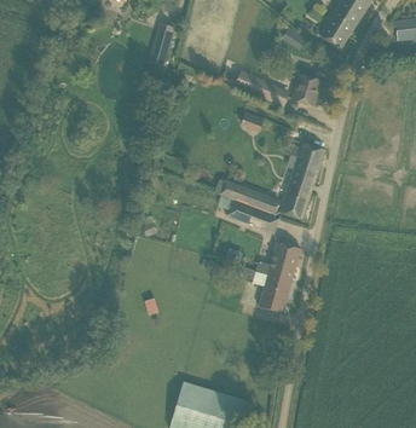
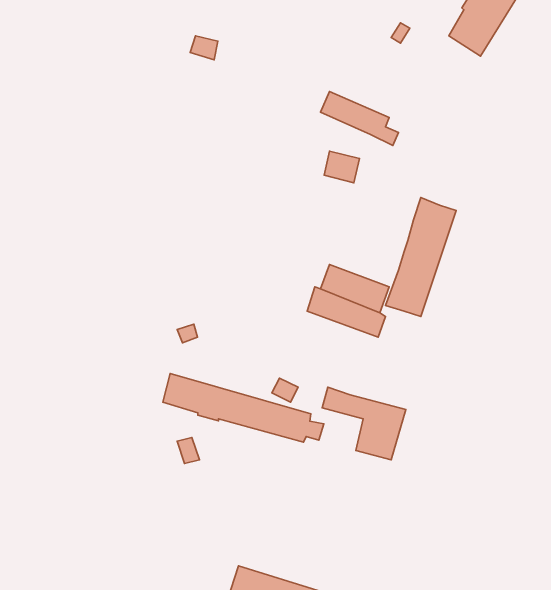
building: [293,74,323,105] -> none
building: [256,242,301,279] -> none
building: none -> [163,374,324,442]

